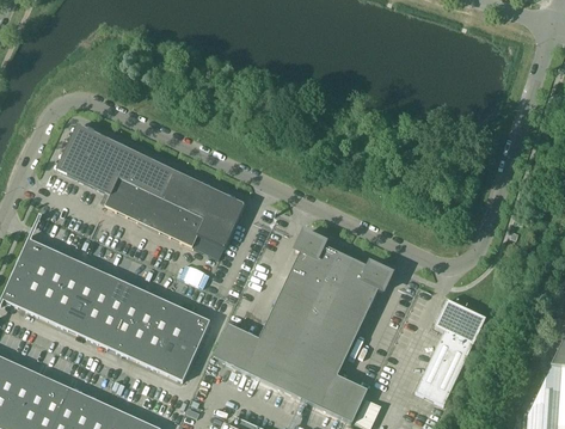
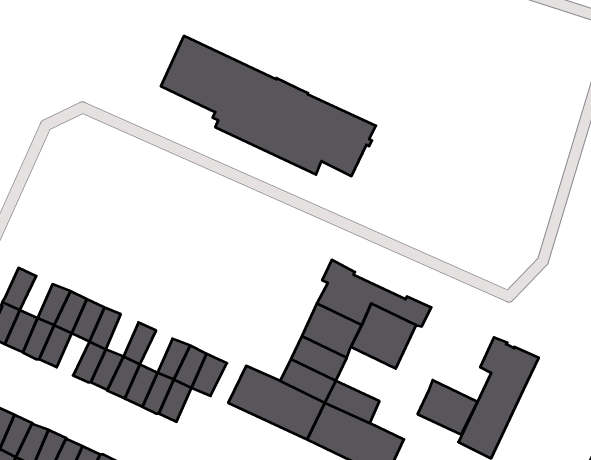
building: [56,124,245,247] -> [161,36,376,176]
building: [30,245,59,282] -> none
building: [105,278,134,315] -> none
building: [135,293,164,330] -> none
building: [62,295,91,332] -> none
building: [307,307,360,355] -> [418,380,477,434]
building: [167,343,197,381] -> none

